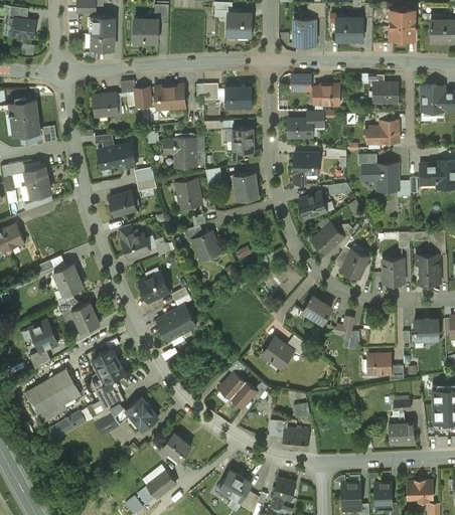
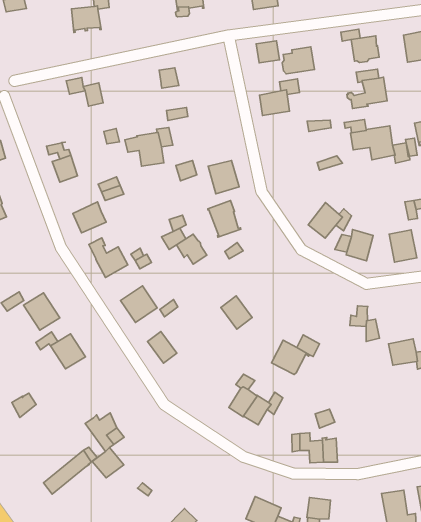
building: [91,17,115,49] -> none
building: [155,85,184,109] -> none
building: [224,87,251,107] -> none
building: [93,94,117,117] -> none
building: [232,128,252,152] -> none
building: [114,144,135,168] -> none
building: [293,153,317,183] -> none
building: [175,178,201,208] -> [208,201,241,237]
building: [297,193,325,218] -> none
building: [303,296,331,323] -> none
building: [169,305,195,334] -> [221,296,252,329]
building: [29,320,57,352] -> none
building: [91,348,124,382] -> none
building: [24,368,81,423] -> none
building: [125,396,157,430] -> none
building: [161,433,190,461] -> none

